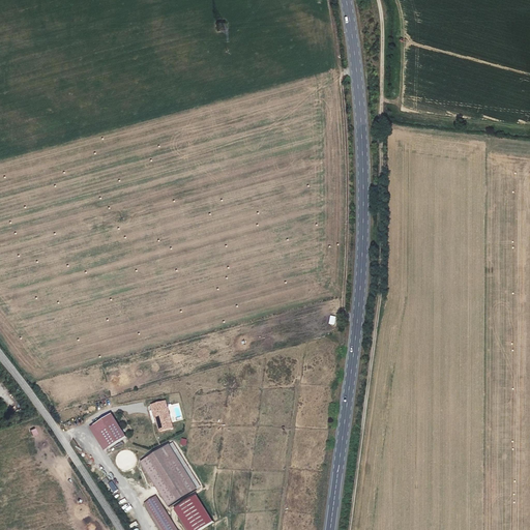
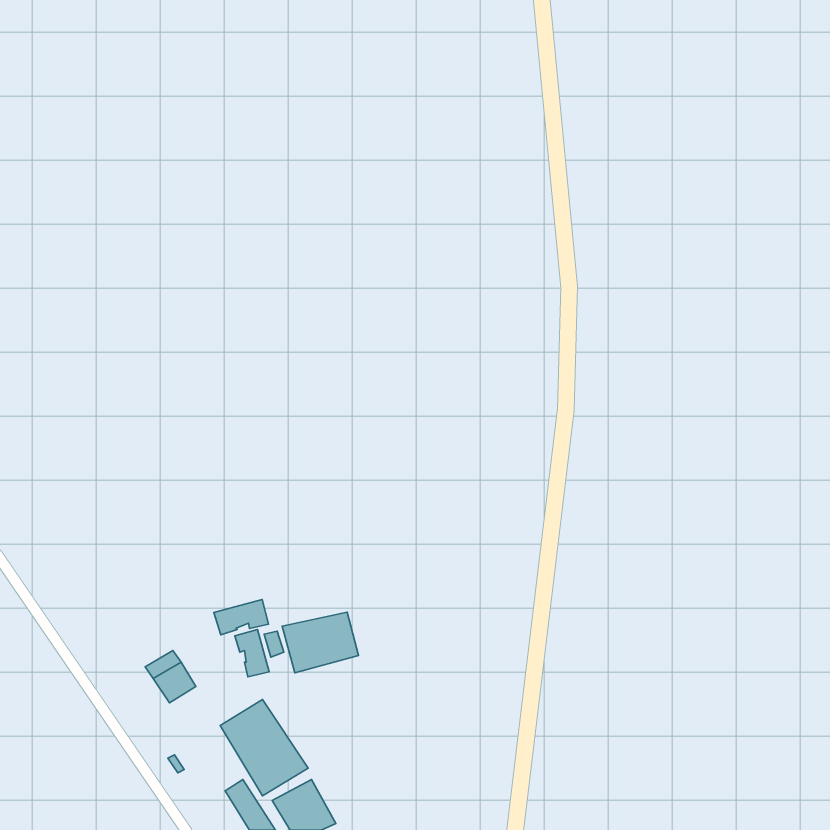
building: none -> [214,600,268,635]
building: none -> [282,612,359,673]

